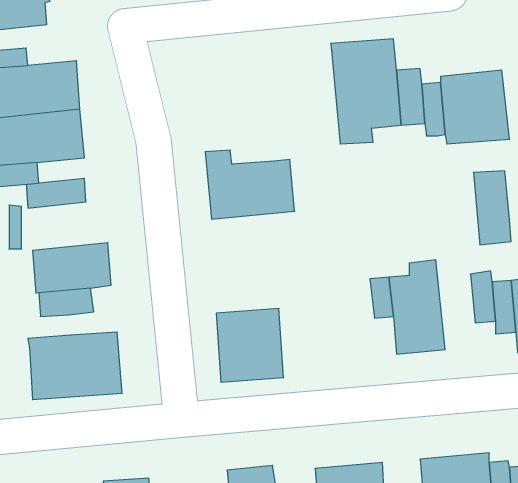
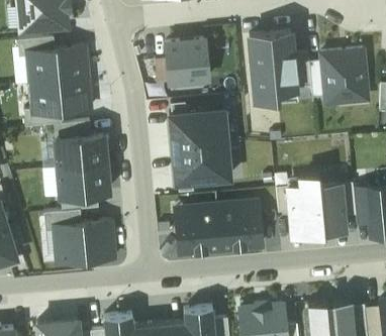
building: none -> [168,40,210,83]
building: [473,171,511,245] -> [320,184,345,231]
building: none -> [56,136,107,169]
building: none -> [174,143,230,193]
building: none -> [217,203,263,250]
building: none -> [45,210,83,231]

